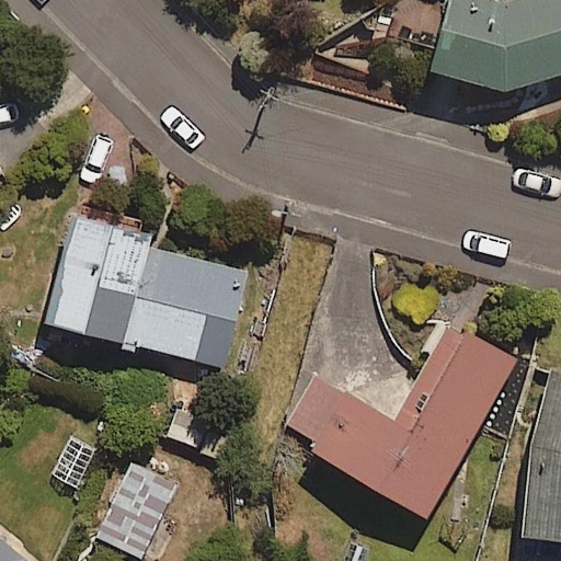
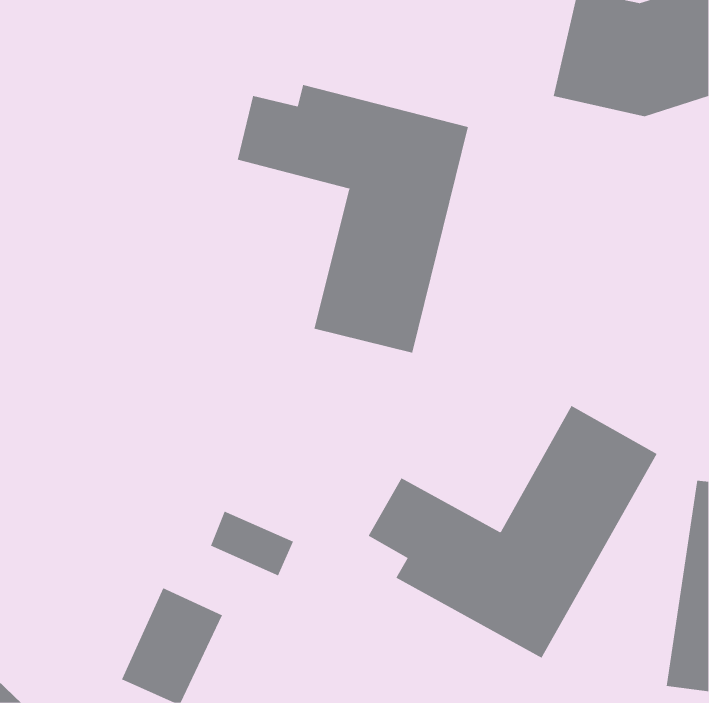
building: none -> [237,84,468,353]
building: [54,217,247,368] -> none

